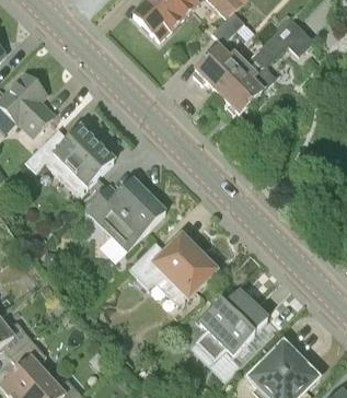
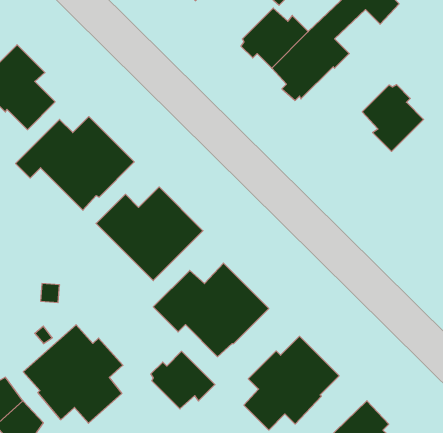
building: none -> [362,85,424,151]
building: none -> [23,325,123,423]
building: none -> [151,351,215,409]

